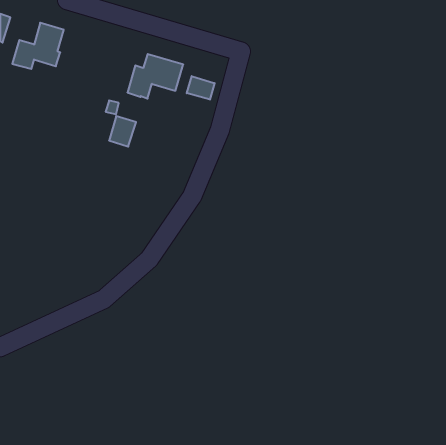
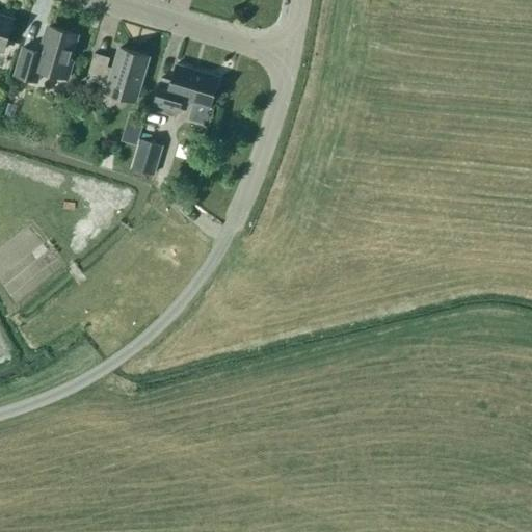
building: none -> [86,49,148,103]
building: [187,76,215,100] -> none

